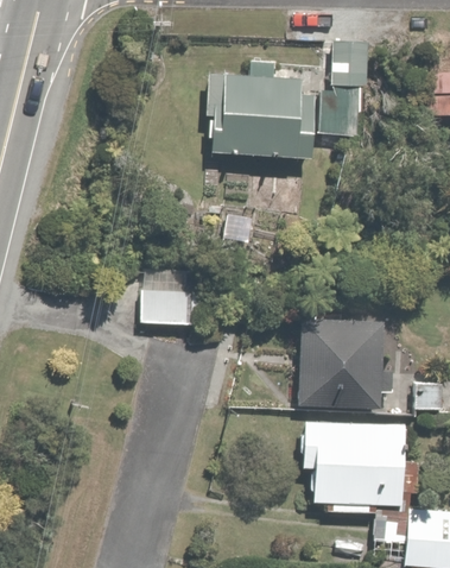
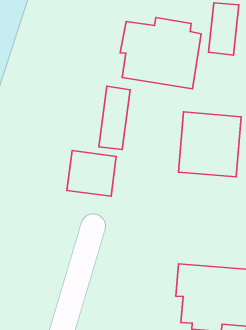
building: none -> [99,86,130,149]
building: [296,317,382,408] -> [179,112,241,177]

